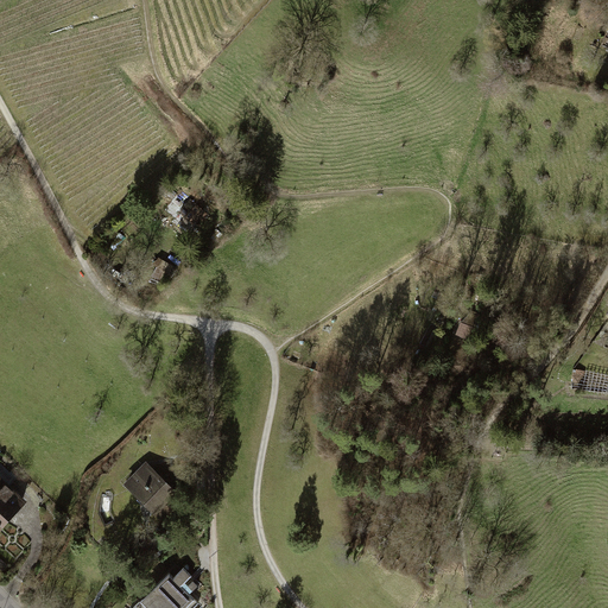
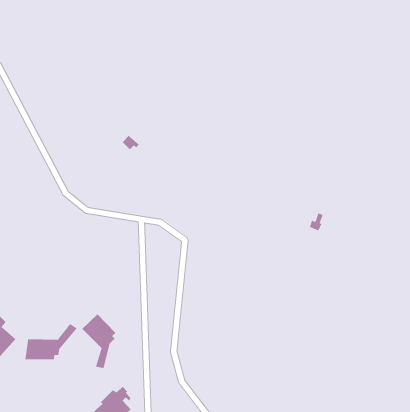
building: none -> [25,323,77,360]

